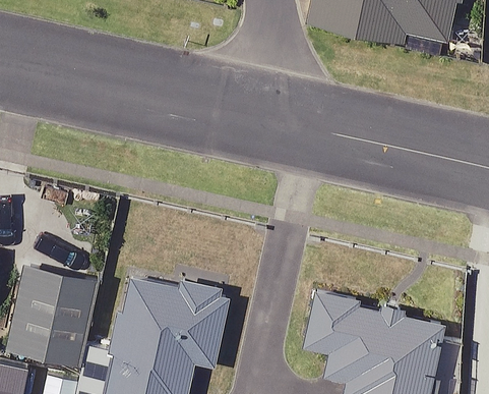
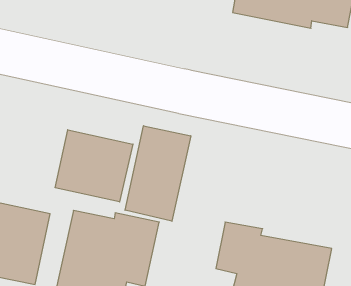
building: none -> [125,126,191,221]
building: none -> [55,130,133,202]

